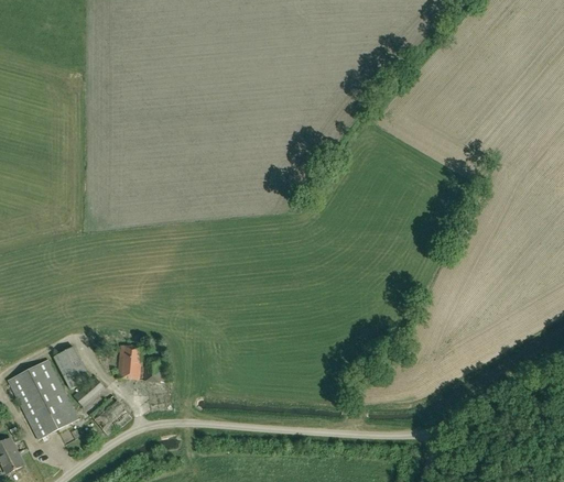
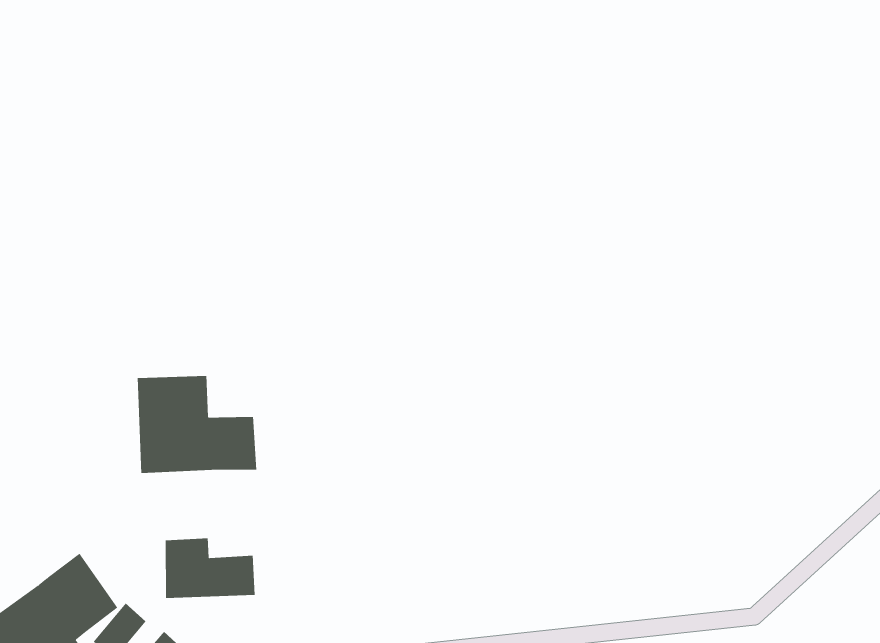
building: none -> [137,375,257,474]

